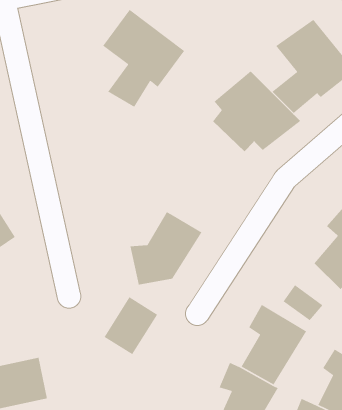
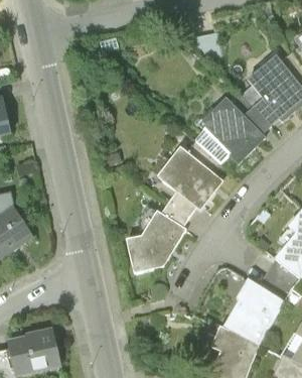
building: [102,9,185,108] -> [157,147,224,228]
building: [103,296,158,355] -> none

